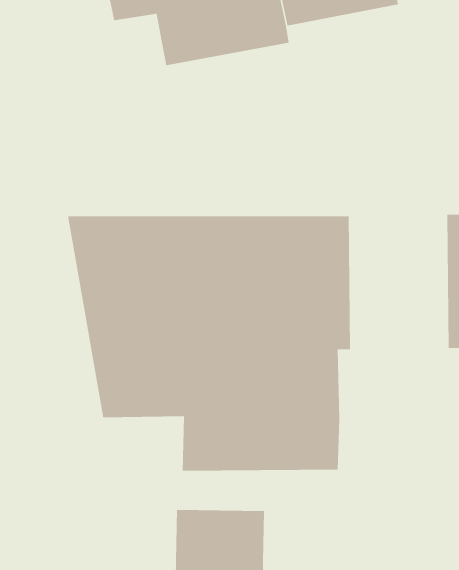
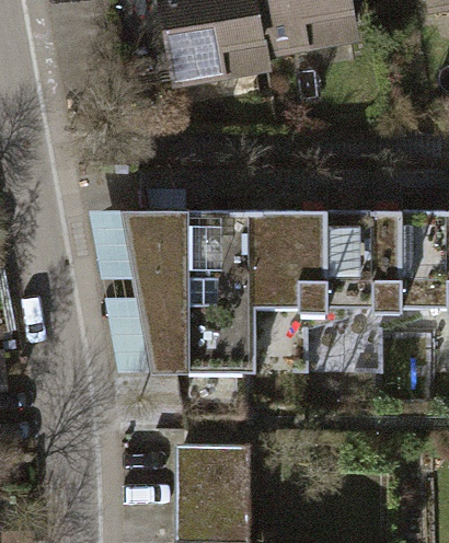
building: none -> [314,208,402,372]

